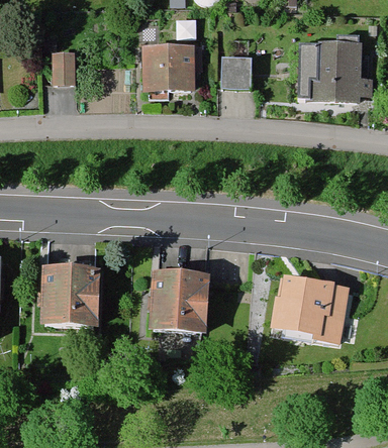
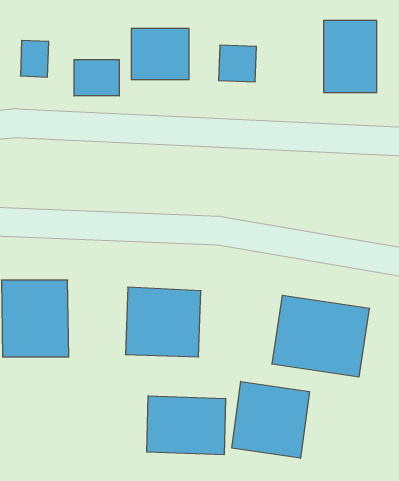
building: none -> [74,60,119,96]
building: none -> [232,381,309,458]
building: none -> [147,396,226,455]

